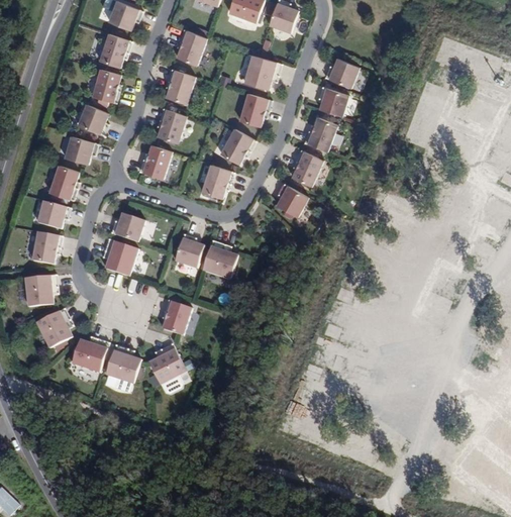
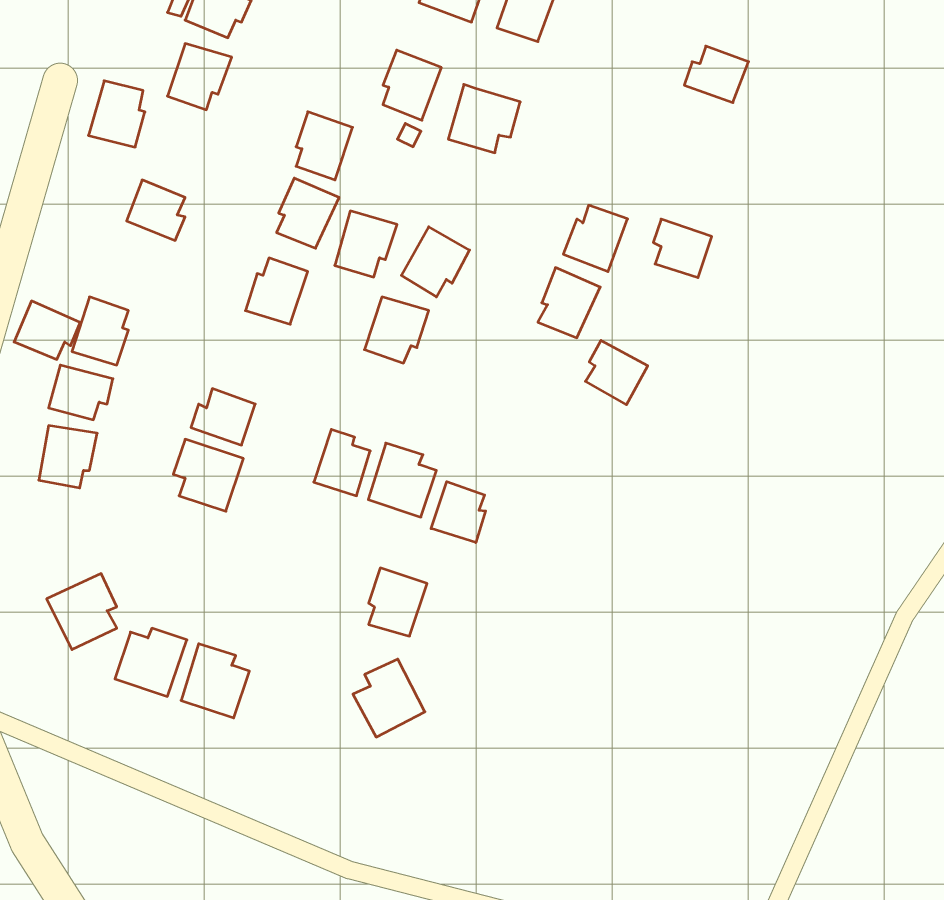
building: [177,29,207,66] -> [383,50,441,120]
building: [324,62,357,91] -> [684,46,749,103]
building: [92,69,121,103] -> [88,81,145,147]
building: [318,86,348,116] -> [653,219,712,278]
building: [239,93,272,127] -> [335,211,397,277]
building: [64,130,98,161] -> [14,301,80,359]
building: [276,184,308,217] -> [585,340,648,405]
building: none -> [431,482,486,543]
building: [25,274,59,306] -> none
building: [162,299,192,334] -> [369,568,427,636]
building: [148,343,186,384] -> [353,659,425,737]

